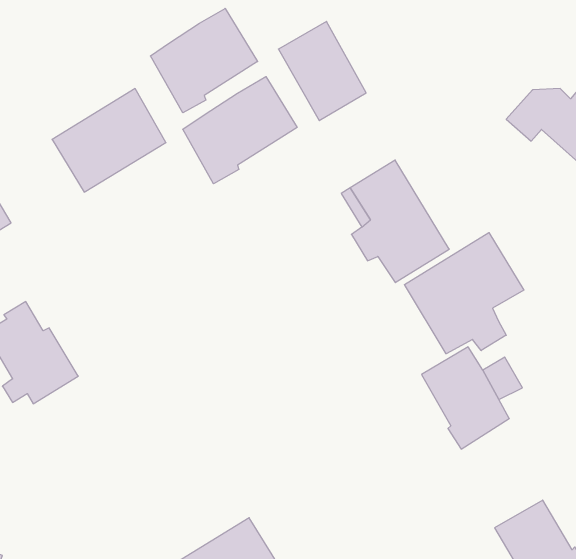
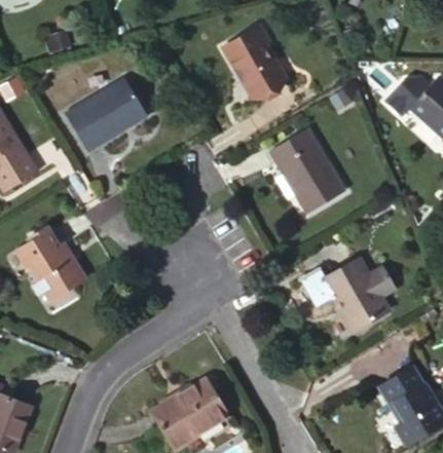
building: [150,8,258,113] -> none
building: [183,77,297,184] -> none
building: [404,233,524,354] -> none

